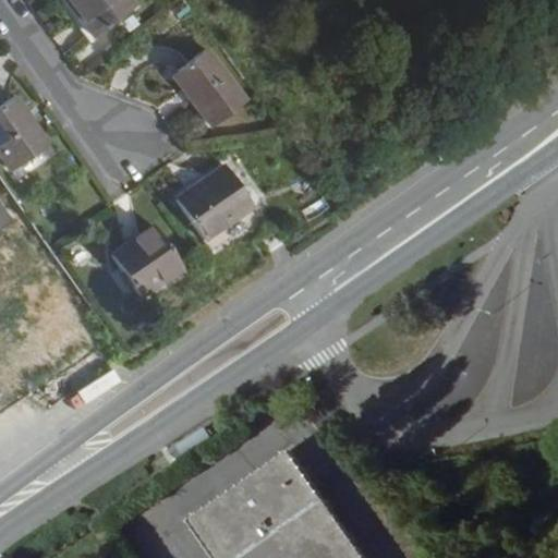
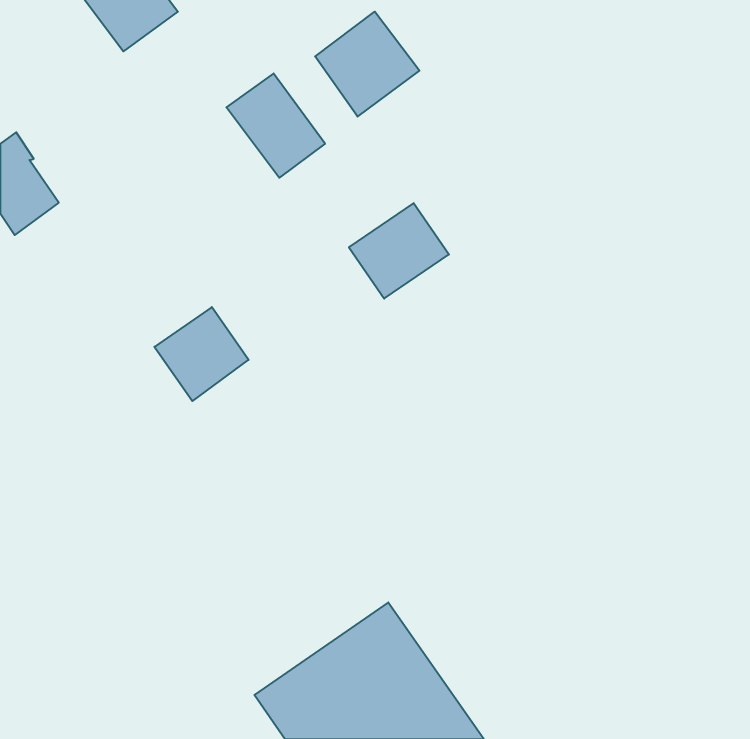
building: none -> [315,12,419,117]
building: [181,168,255,239] -> [349,203,449,299]

